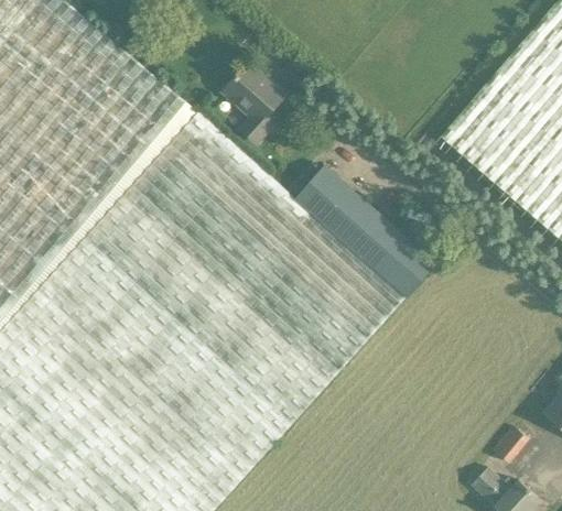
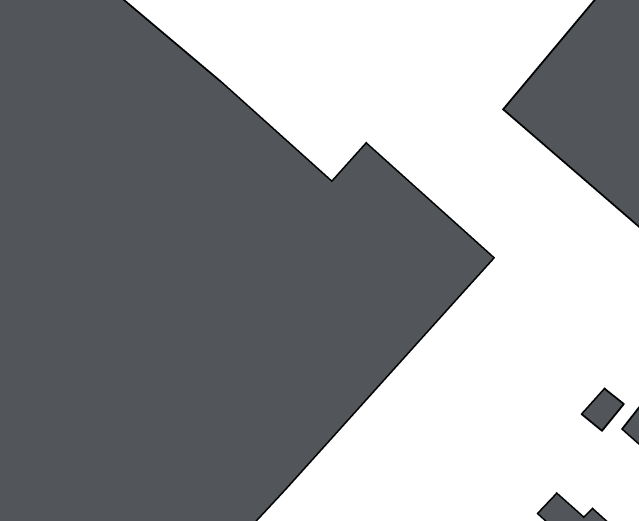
building: [220,64,280,144] -> none
building: [491,427,528,464] -> [582,388,624,431]

